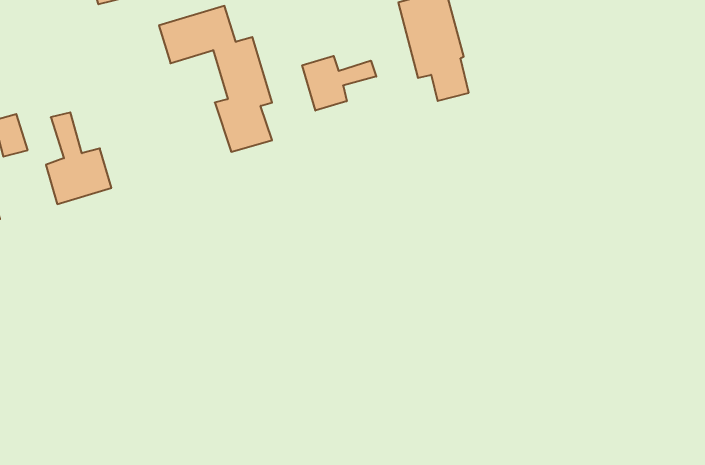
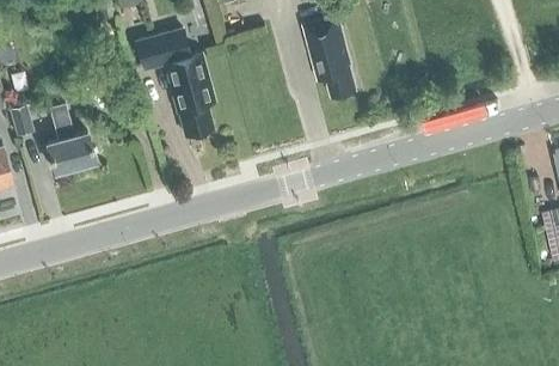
building: [302,56,376,111] -> none

